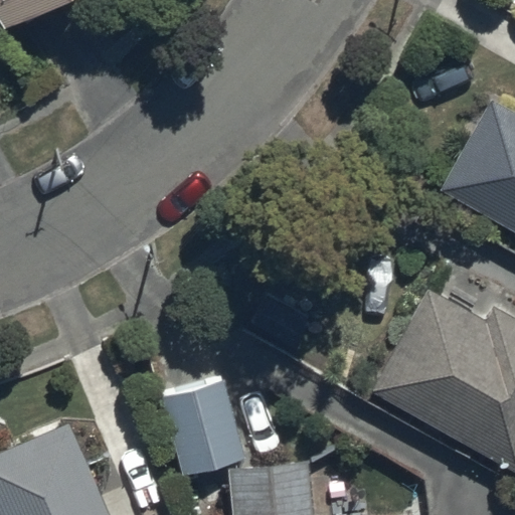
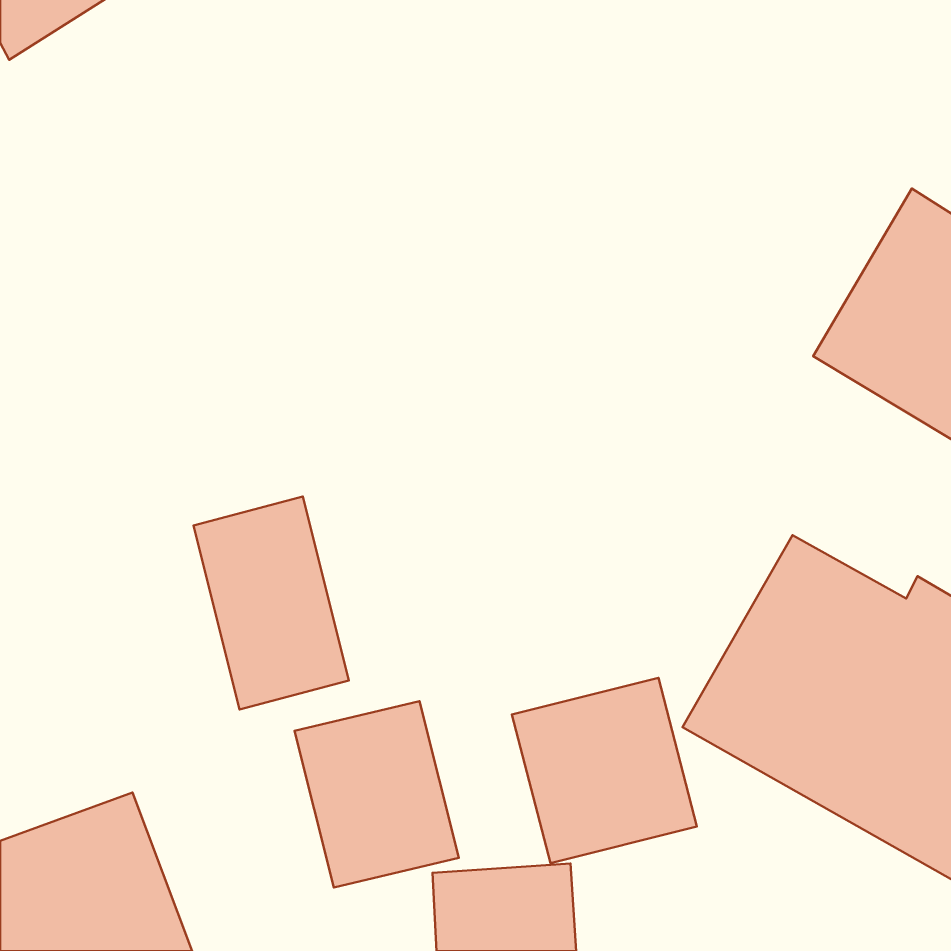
building: none -> [194,496,349,710]
building: none -> [512,678,697,863]

